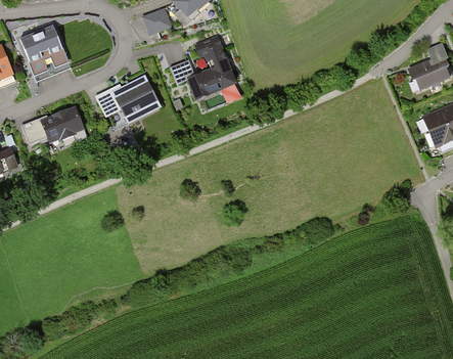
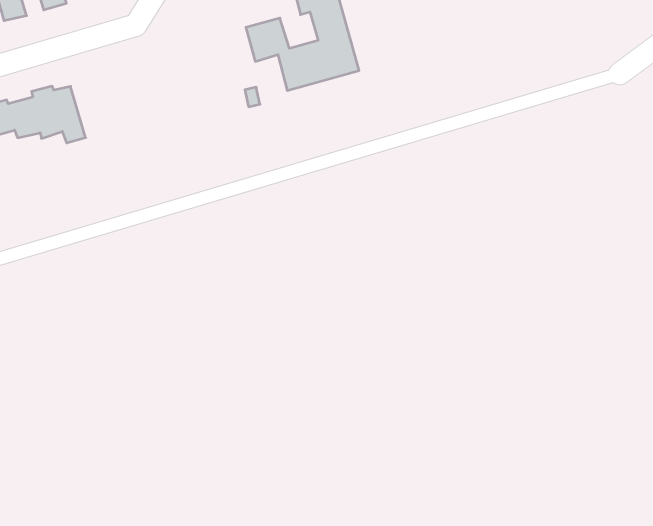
building: [96,74,158,119] -> none

